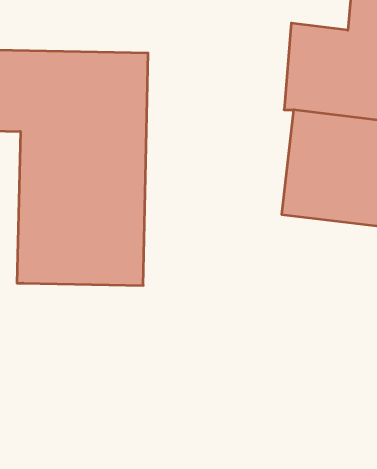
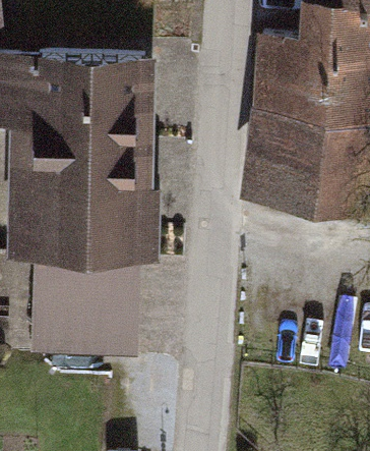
building: none -> [33,252,136,347]

